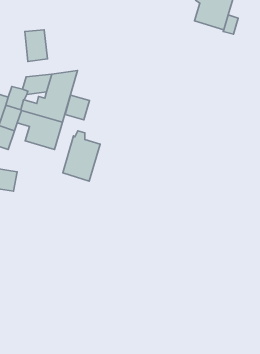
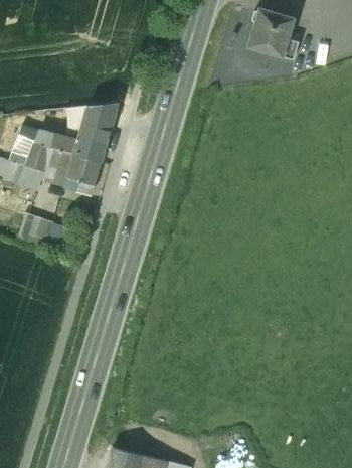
building: [25,30,47,62] -> none
building: [65,95,90,120] -> none
building: [63,131,100,181] -> none

